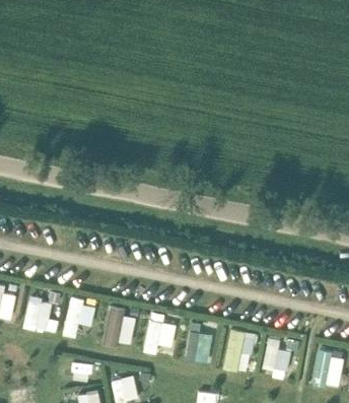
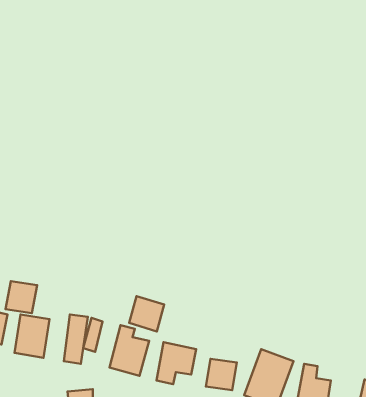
building: none -> [5,281,37,313]
building: none -> [129,296,164,331]

